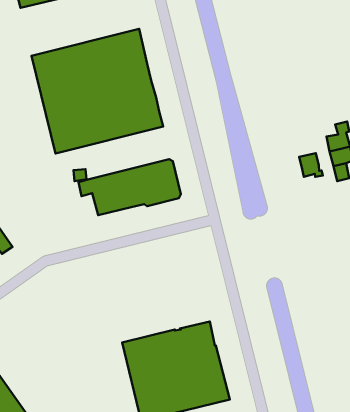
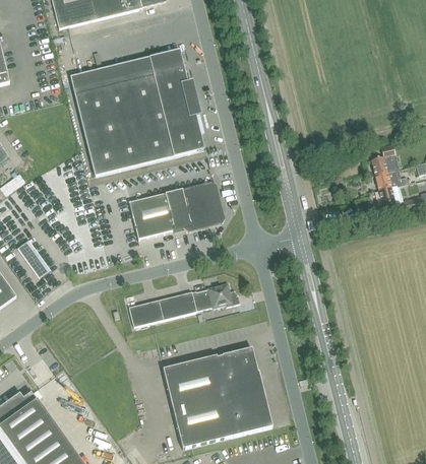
building: [299,153,323,177] -> none
building: none -> [128,282,240,327]

